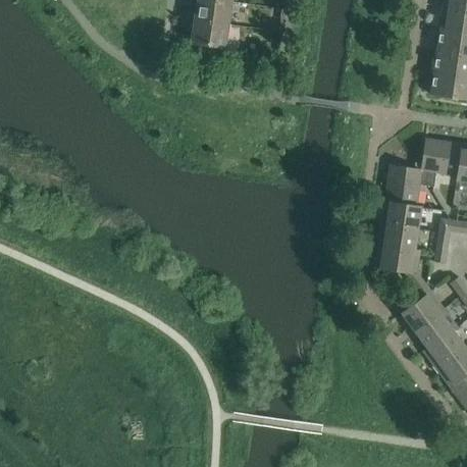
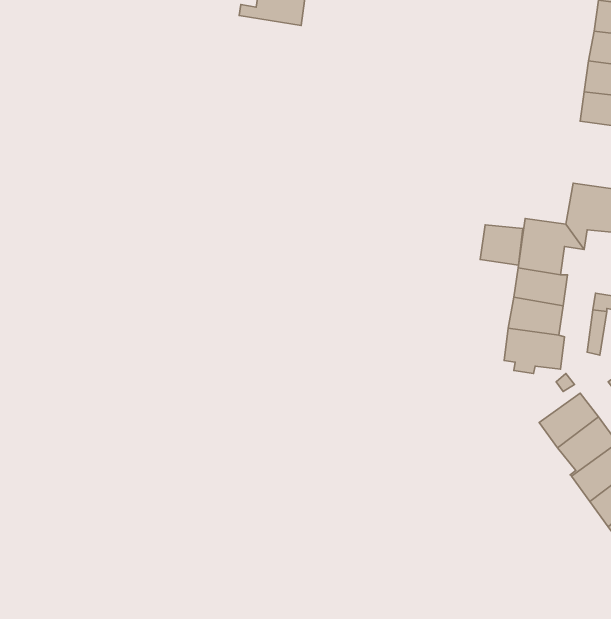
building: [184,18,230,49] -> none
building: none -> [480,225,523,265]

